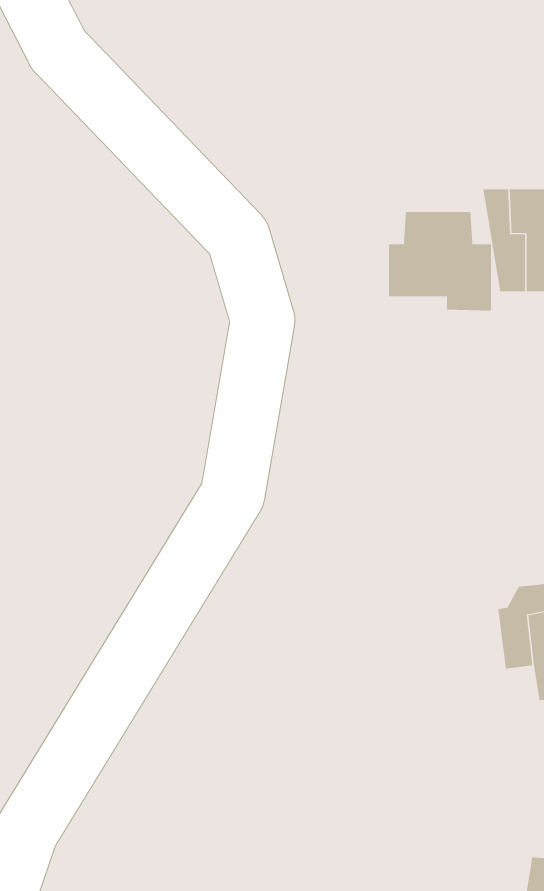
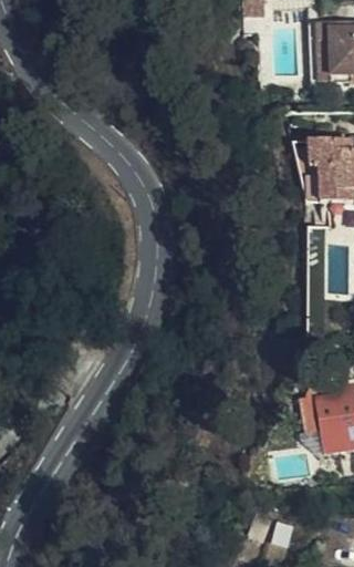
building: [389,211,491,312] -> none

